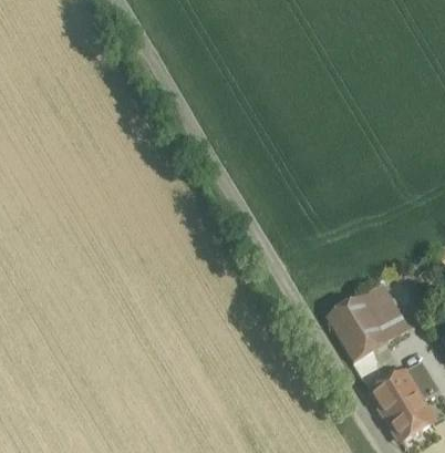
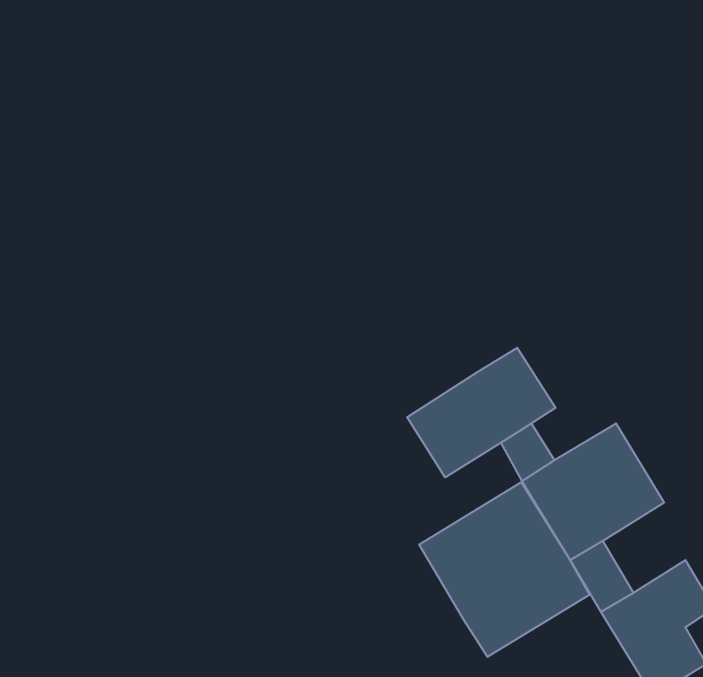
building: none -> [407,348,555,477]
building: none -> [419,482,590,657]

